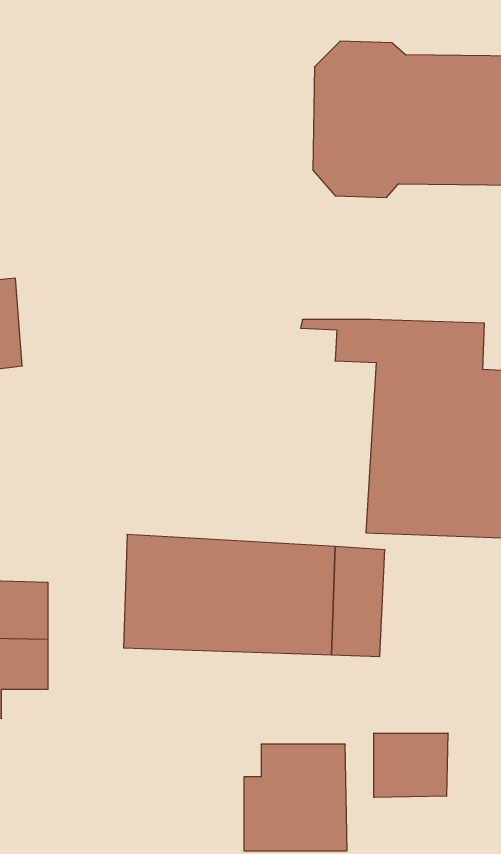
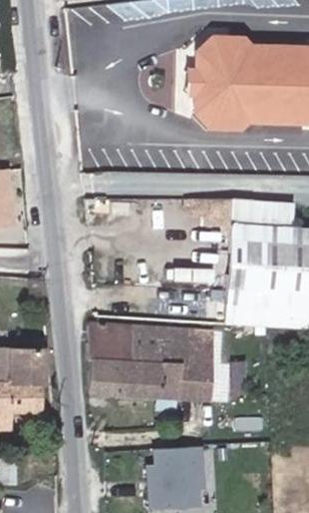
building: [374,733,448,798] -> none

